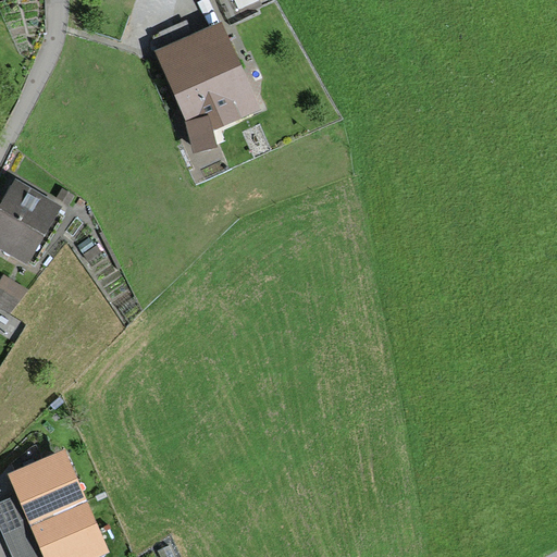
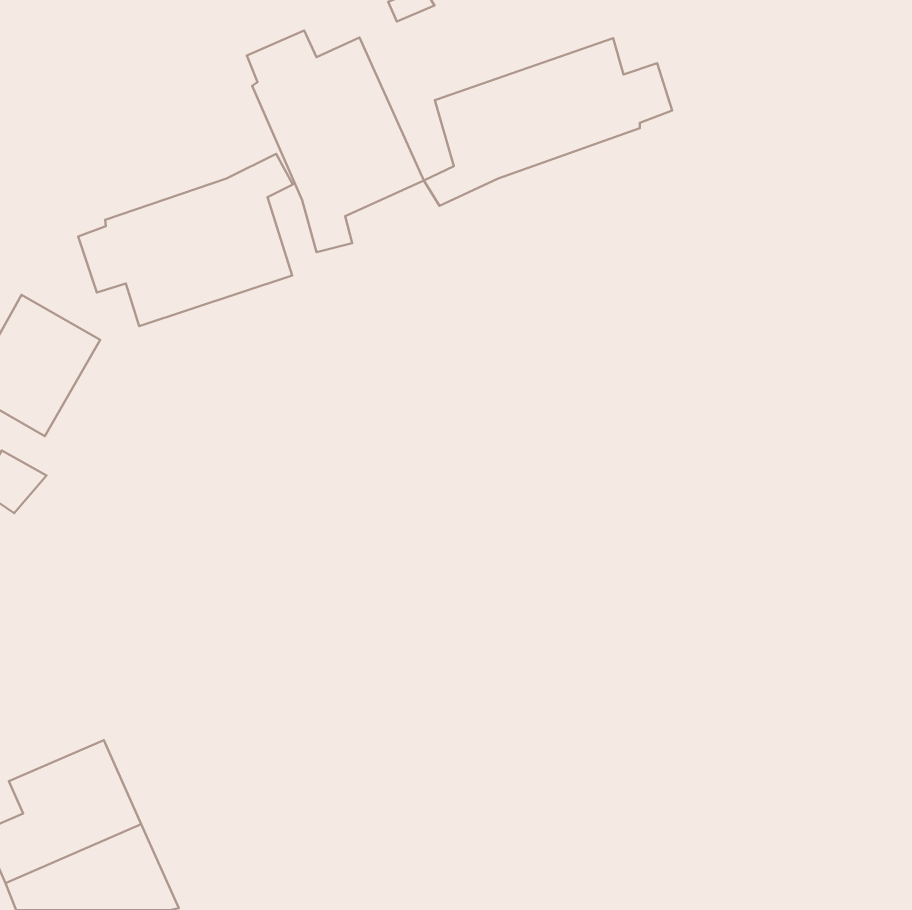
building: none -> [424,38,672,206]
building: none -> [78,154,293,326]

